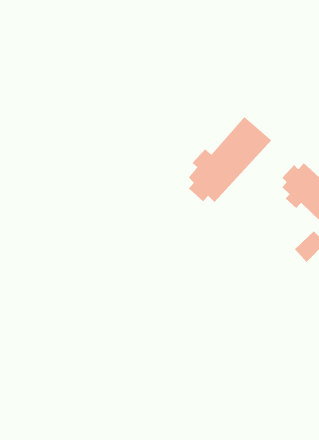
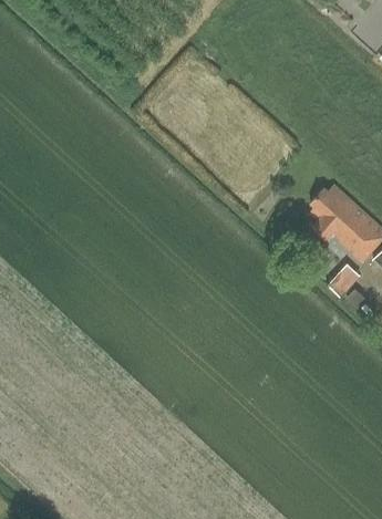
building: [188,116,272,203] -> none

